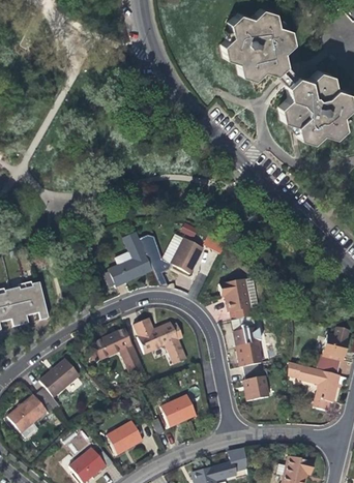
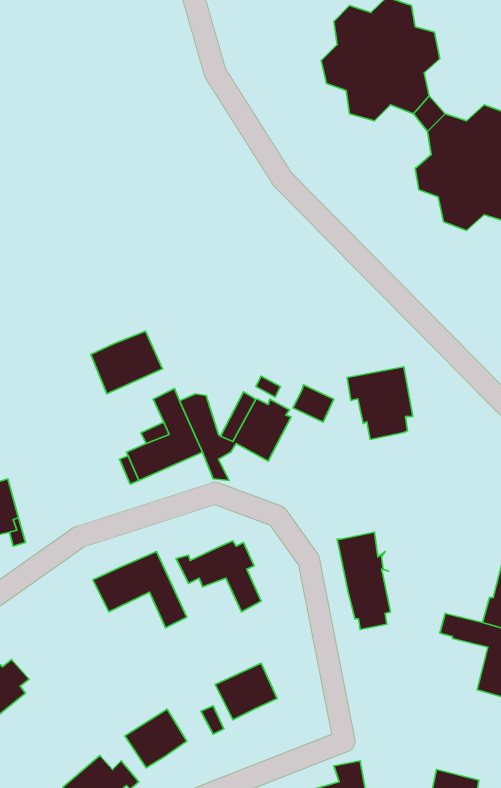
building: none -> [91,331,163,394]
building: [219,277,258,320] -> [347,367,413,440]
building: [40,357,81,407] -> none
building: [243,367,269,400] -> none

